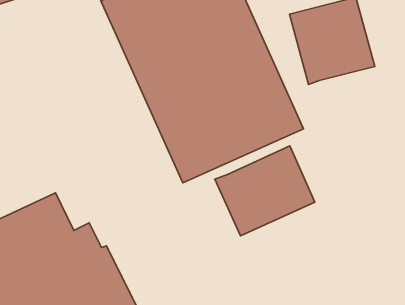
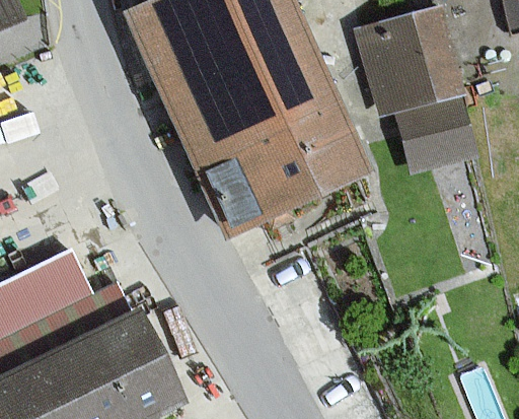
building: none -> [394,93,479,173]
building: [215,146,315,236] -> none

